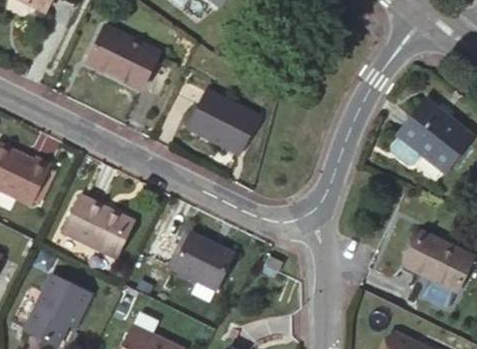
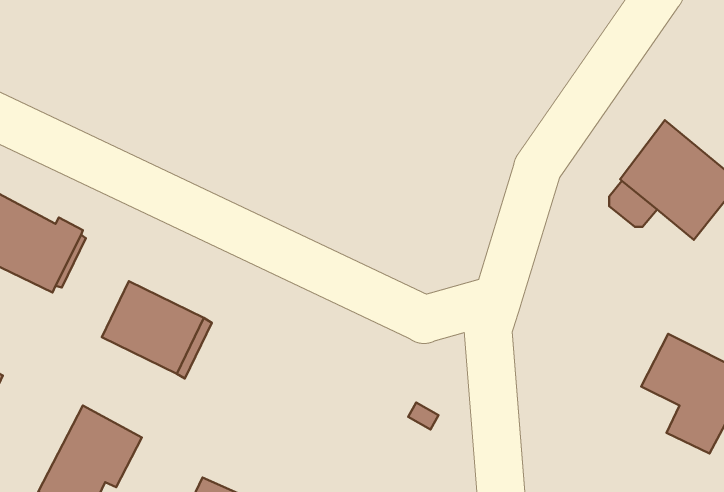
building: [90,26,162,88] -> none
building: [187,97,262,167] -> none
building: [168,239,230,297] -> none

